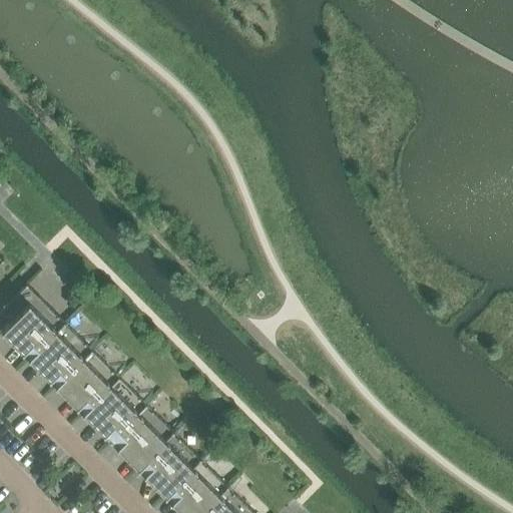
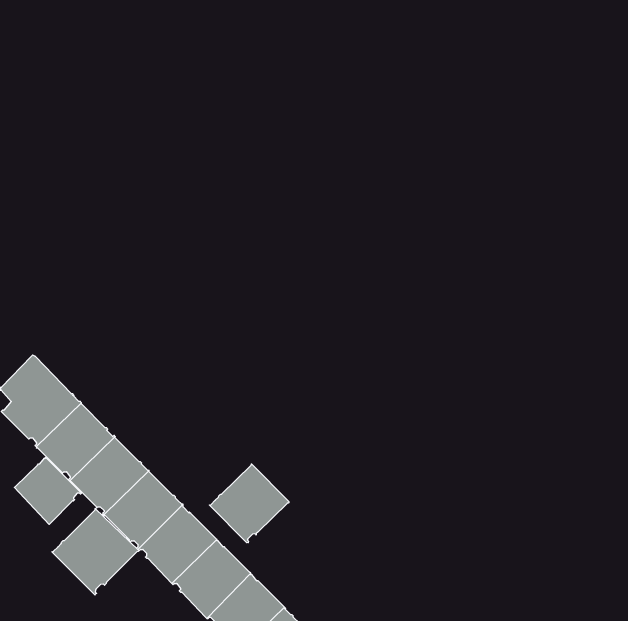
building: none -> [14,457,81,524]
building: none -> [209,464,289,543]
building: none -> [52,508,138,595]

